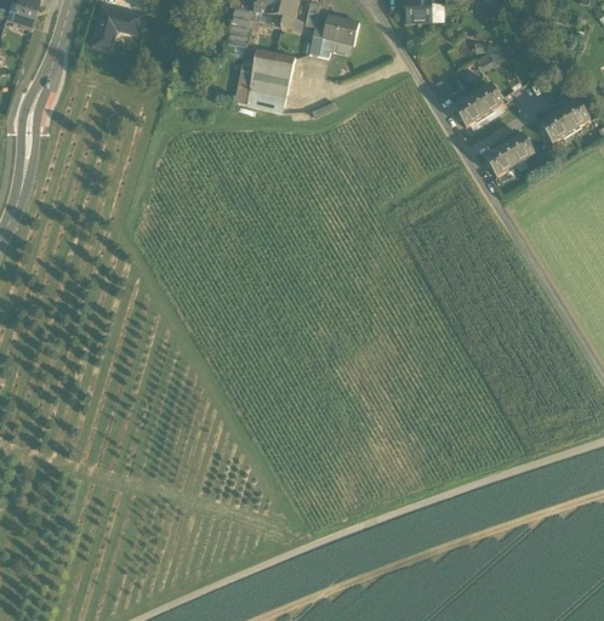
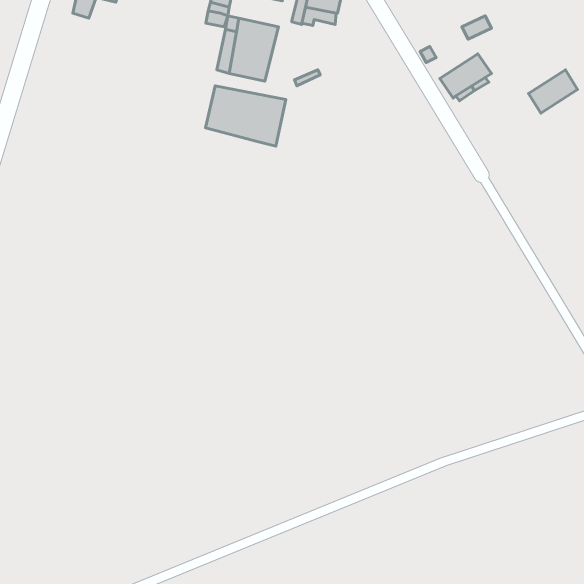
building: none -> [205,86,286,146]
building: [486,133,535,175] -> none

